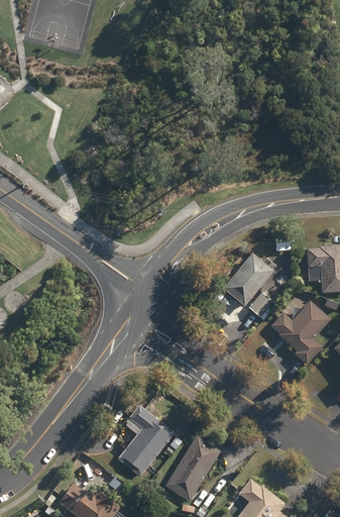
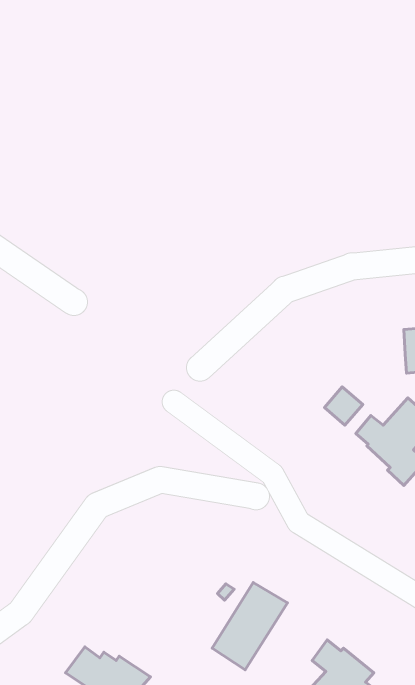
building: [222,253,273,307] -> none
building: [118,404,175,476] -> none

